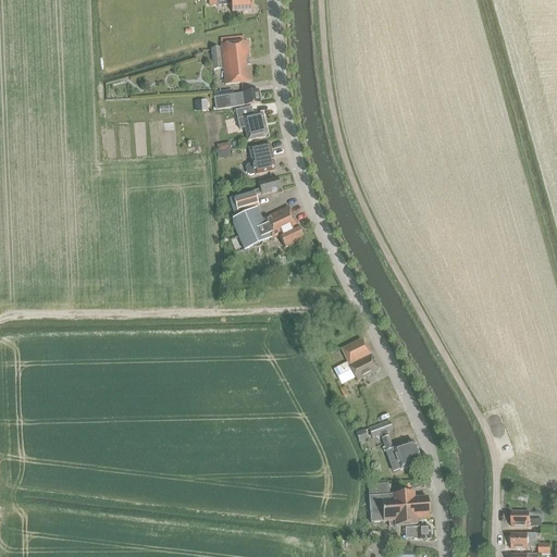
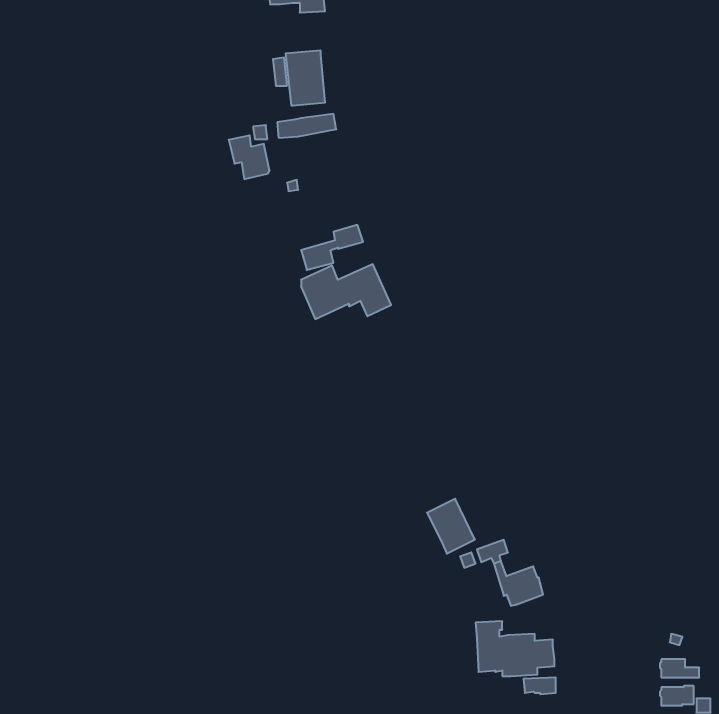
building: [235,104,267,138] -> [229,135,270,179]
building: [245,141,275,173] -> none
building: [342,336,379,379] -> [427,499,475,554]

